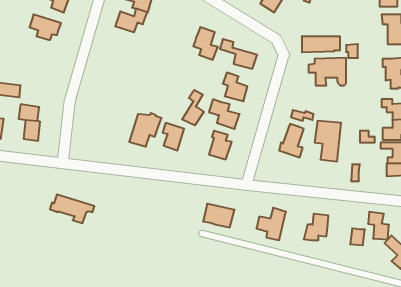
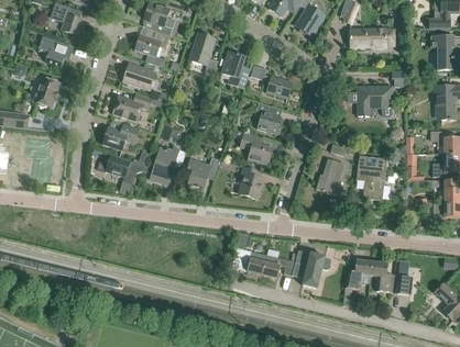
building: none -> [189,32,218,75]
building: [302,36,340,52] -> [350,29,393,46]
building: none -> [123,61,155,89]
building: none -> [33,76,59,107]
building: none -> [112,92,152,121]
building: [182,90,204,125] -> none
building: none -> [102,123,138,149]
building: [50,194,94,223] -> [97,152,146,183]
building: none -> [262,254,295,278]
building: [368,212,389,239] -> [371,260,394,291]

